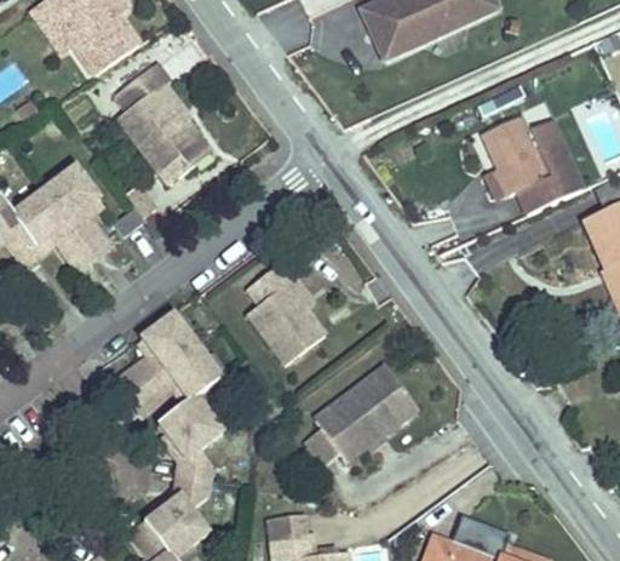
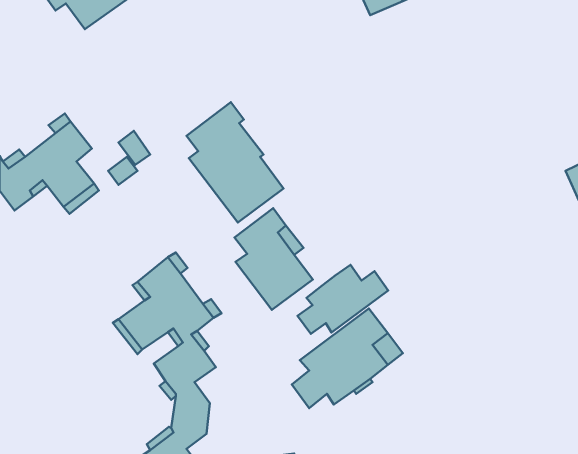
building: [113,62,213,187] -> [186,102,283,222]
building: [481,116,581,213] -> none
building: none -> [298,265,388,334]

